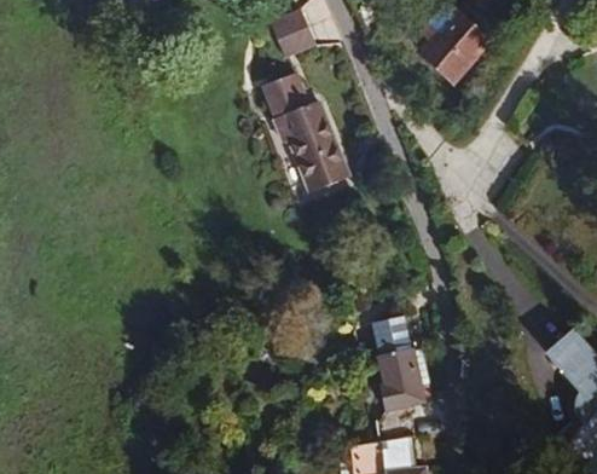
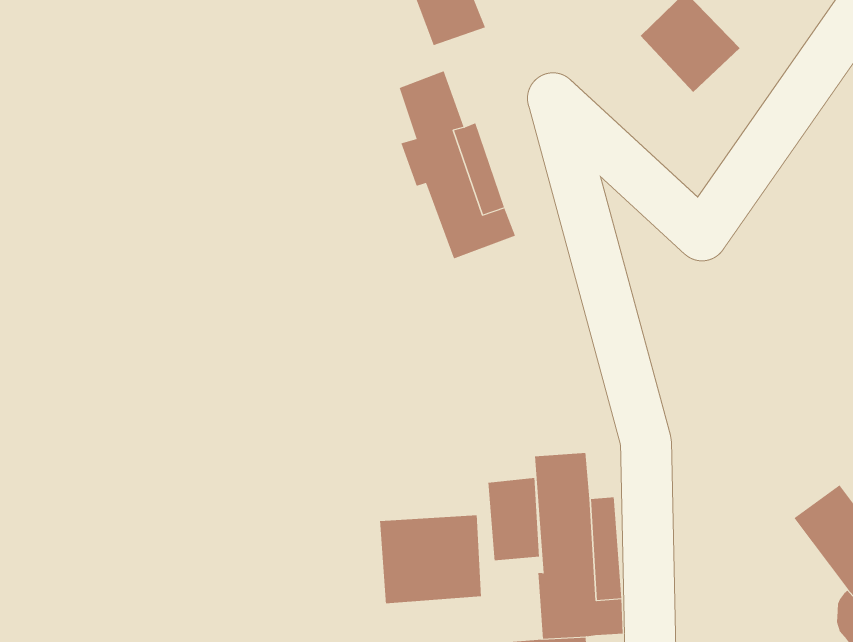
building: none -> [488,477,540,561]
building: none -> [379,515,481,604]

